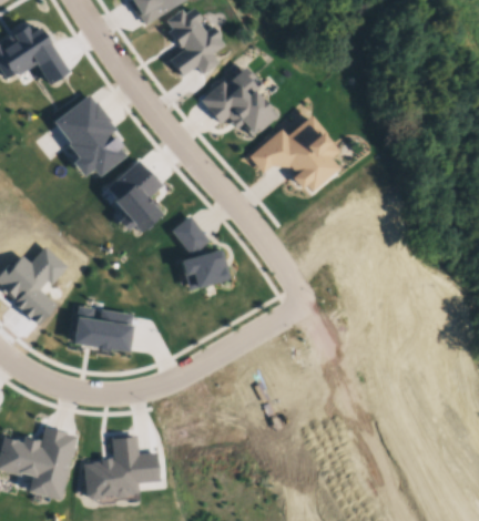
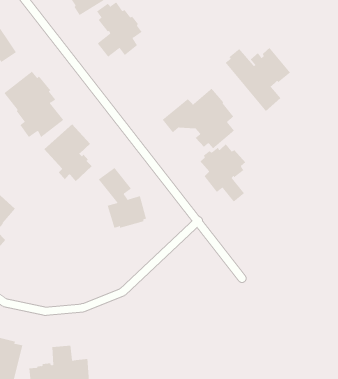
building: none -> [225,47,291,112]
building: [201,67,279,135] -> none
building: none -> [200,144,246,202]
building: [72,306,133,354] -> none

